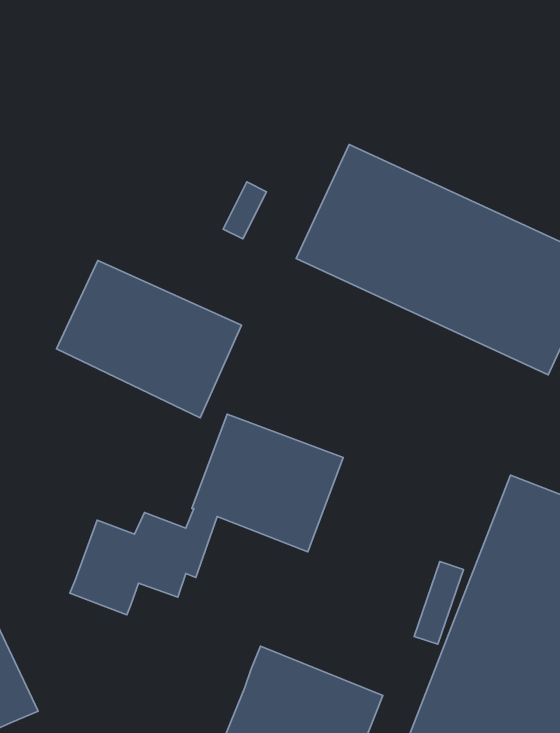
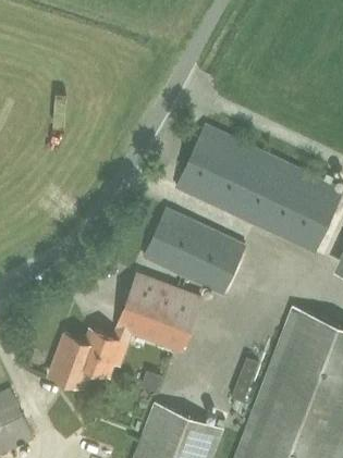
building: [56,260,241,418] -> [143,208,245,295]

